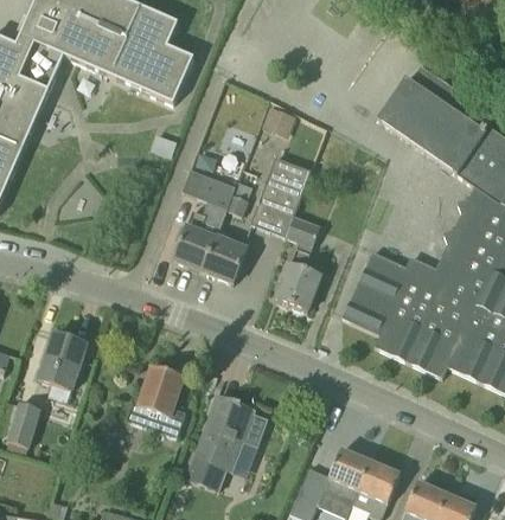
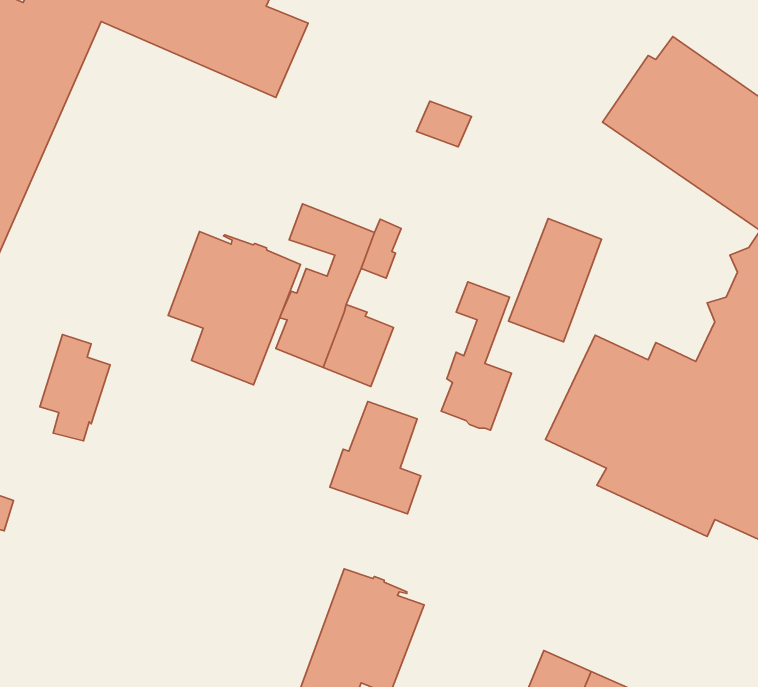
building: [251,159,309,236] -> [508,218,602,342]
building: none -> [168,231,301,385]
building: [39,333,83,399] -> [40,334,110,441]
building: [128,365,185,435] -> [330,402,421,514]
building: [6,399,41,447] -> none

